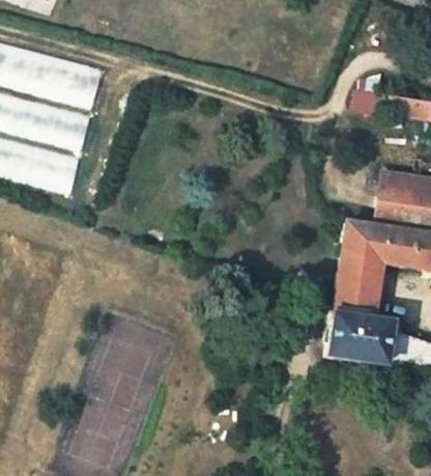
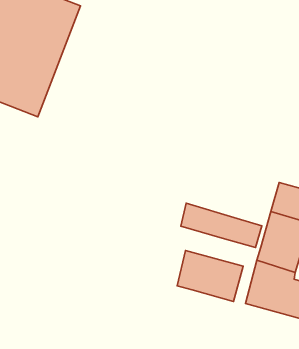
building: none -> [181,203,262,248]
building: none -> [177,250,243,302]

